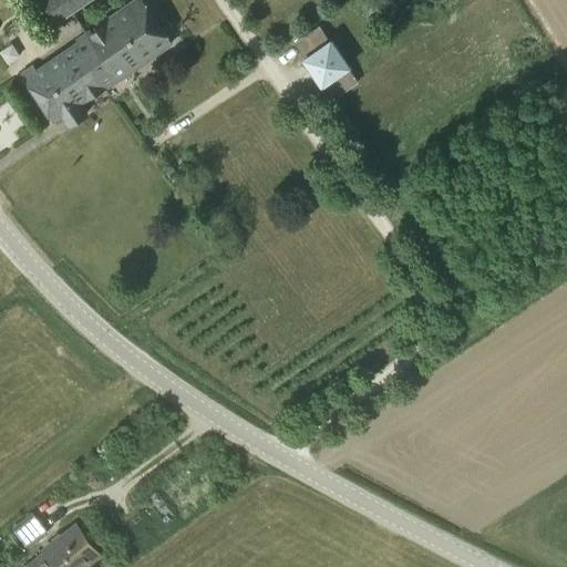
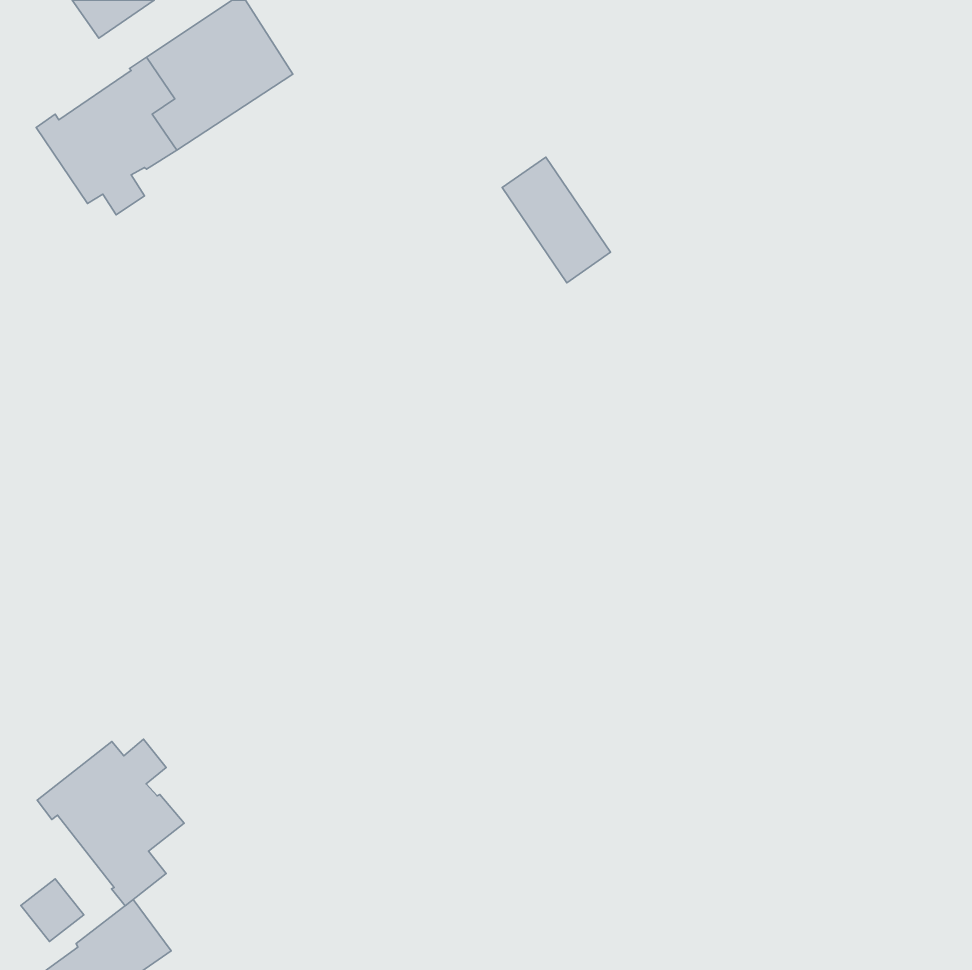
building: [295,28,358,101] -> [502,157,610,283]
building: none -> [37,739,184,906]

